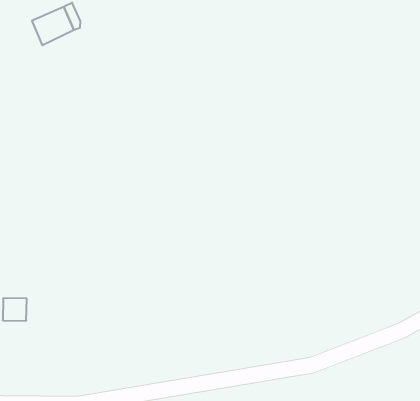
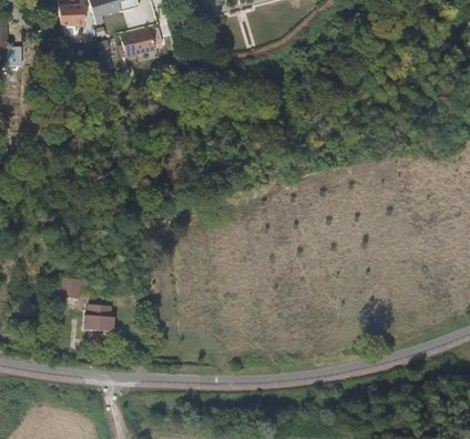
building: none -> [82,313,113,331]

